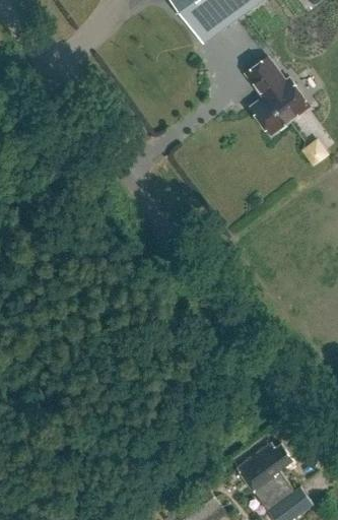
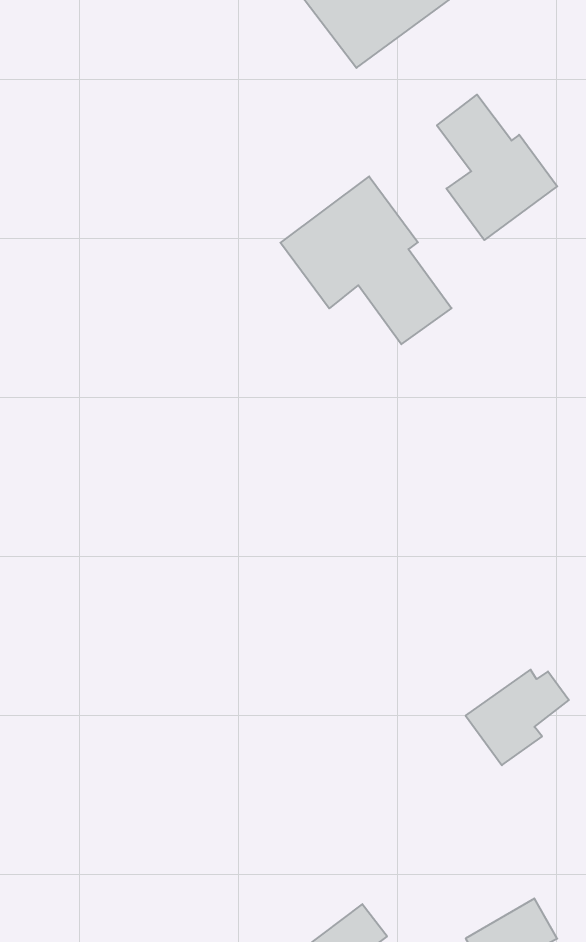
building: none -> [280,176,452,344]
building: [239,443,293,494] -> [466,670,569,765]

